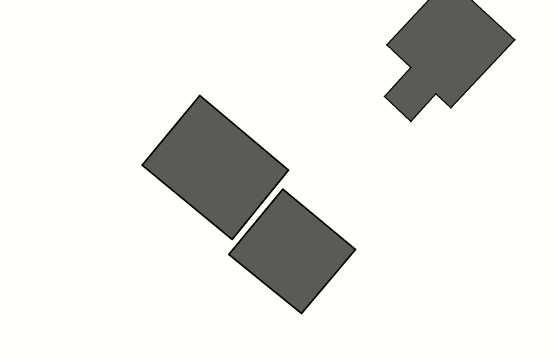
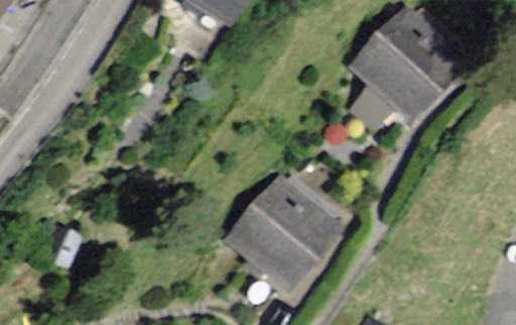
building: [142,95,288,240] -> none

